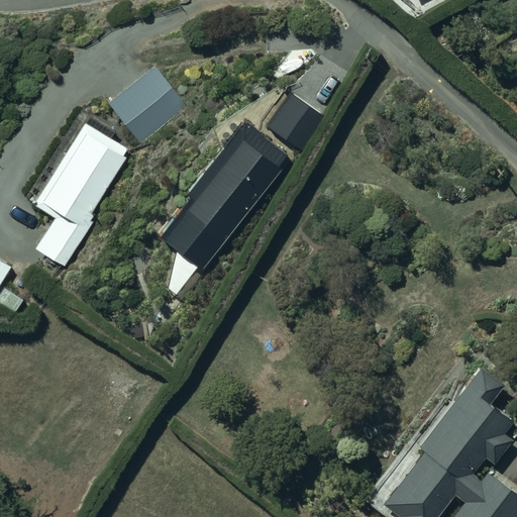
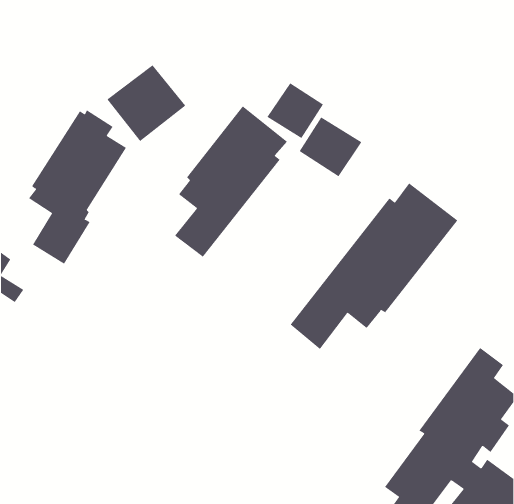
building: none -> [299,117,362,177]
building: none -> [290,182,458,350]

